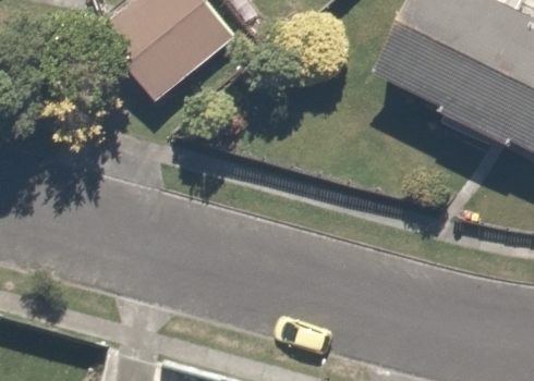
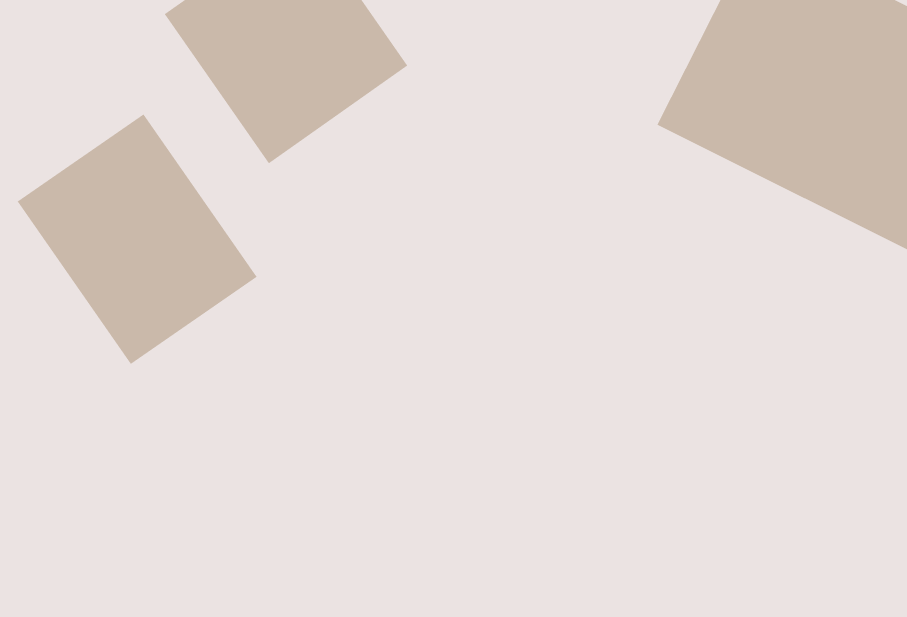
building: none -> [17,114,258,365]

